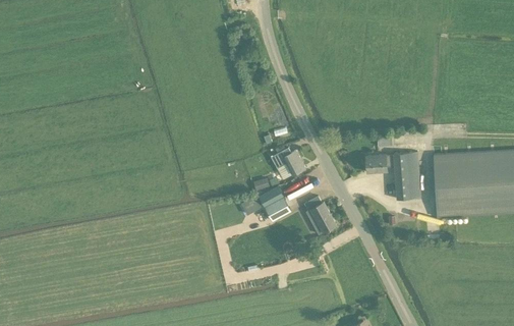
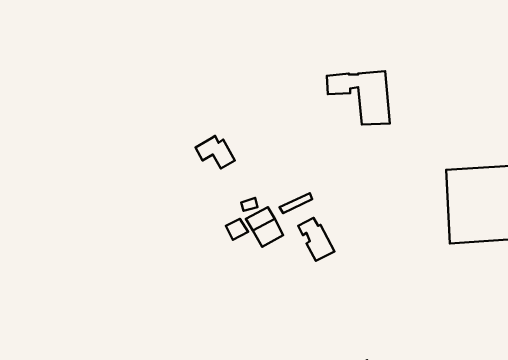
building: [271,146,305,174] -> [195,136,235,169]
building: [366,151,421,198] -> [327,71,390,125]

